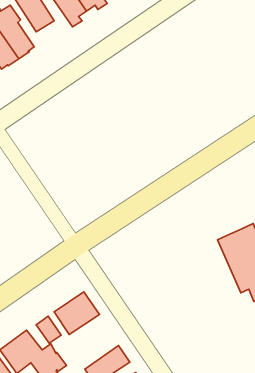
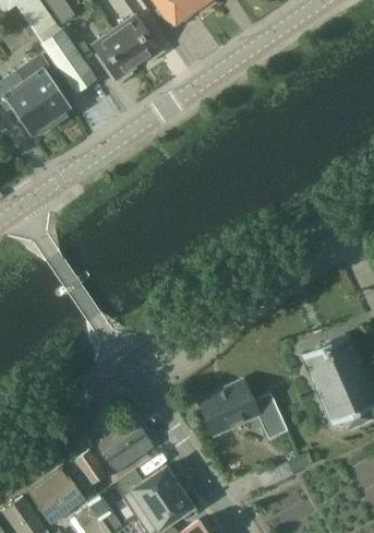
building: none -> [197,380,287,440]
building: none -> [113,467,178,517]

